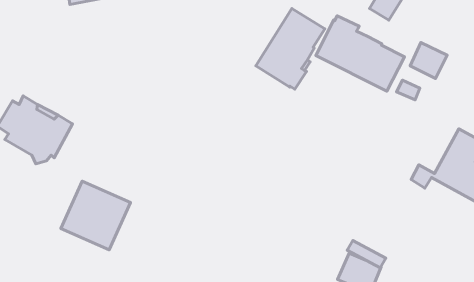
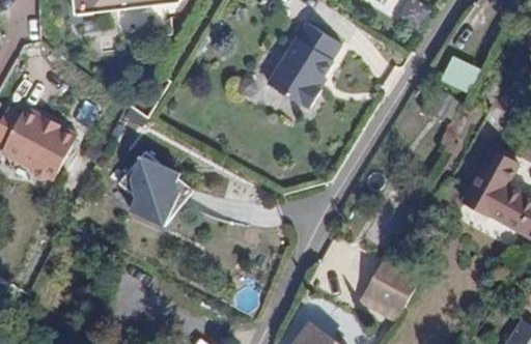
building: [316,16,404,91] -> none
building: [61,181,131,250] -> [112,154,187,228]

